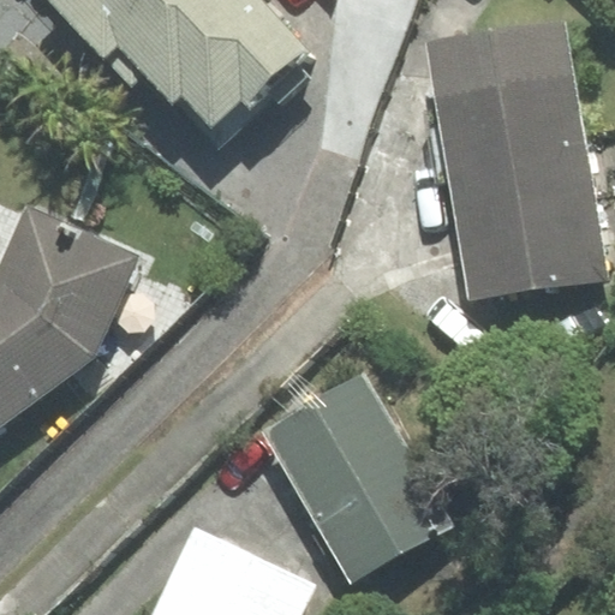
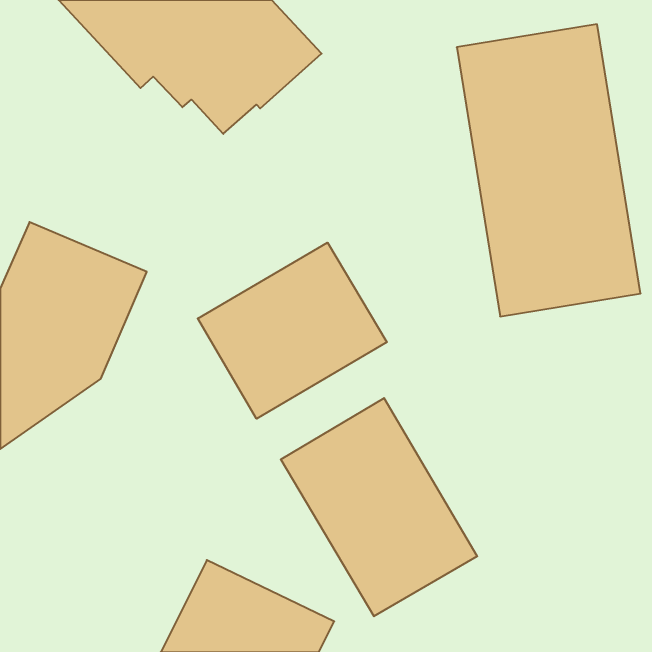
building: none -> [198,243,387,419]

